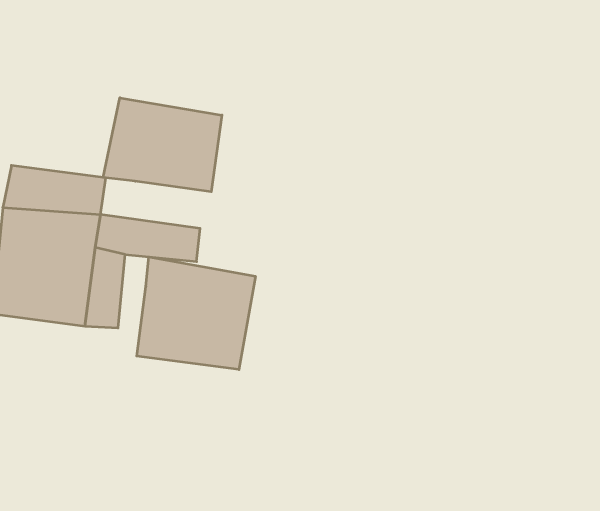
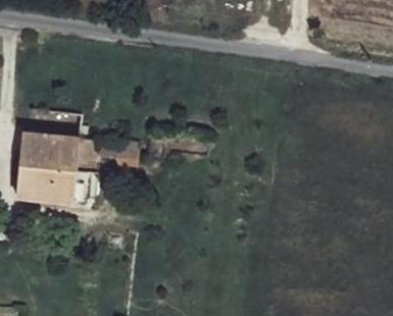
building: [103,98,222,192] -> none
building: [137,257,255,370] -> none

